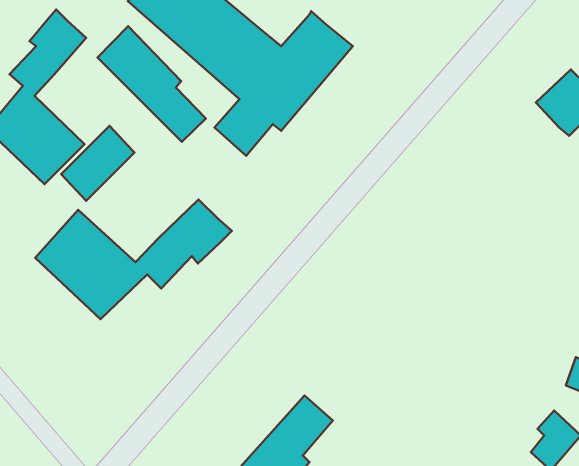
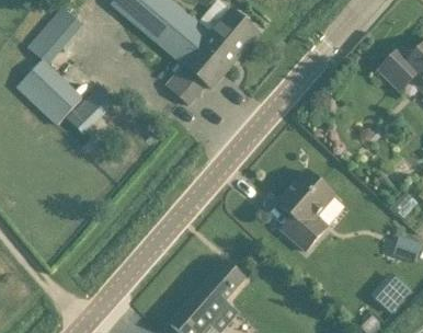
building: [97,26,206,142] -> none
building: [35,199,232,319] -> none
building: none -> [281,170,334,251]

